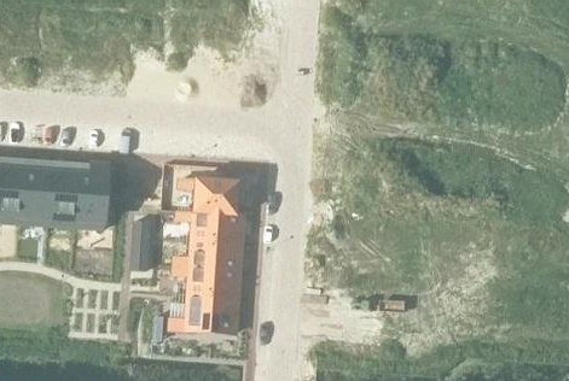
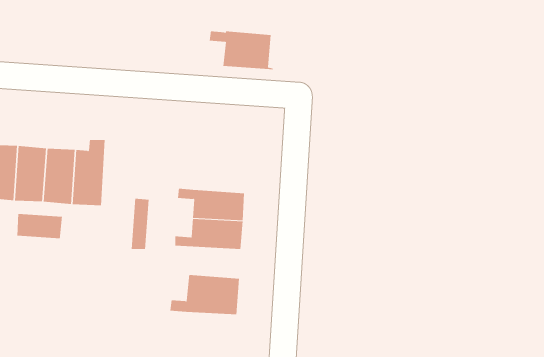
building: [179,177,242,215] -> [209,31,274,70]
building: none -> [17,213,62,239]
building: [173,265,238,297] -> none

